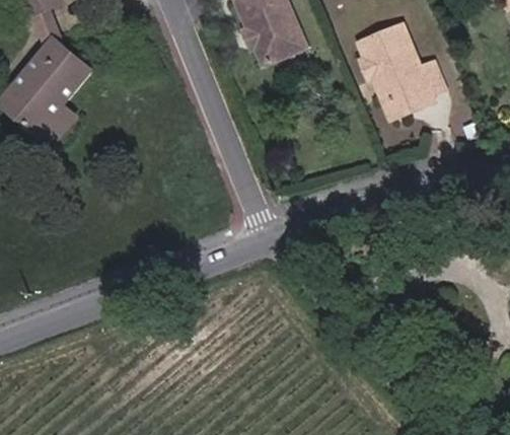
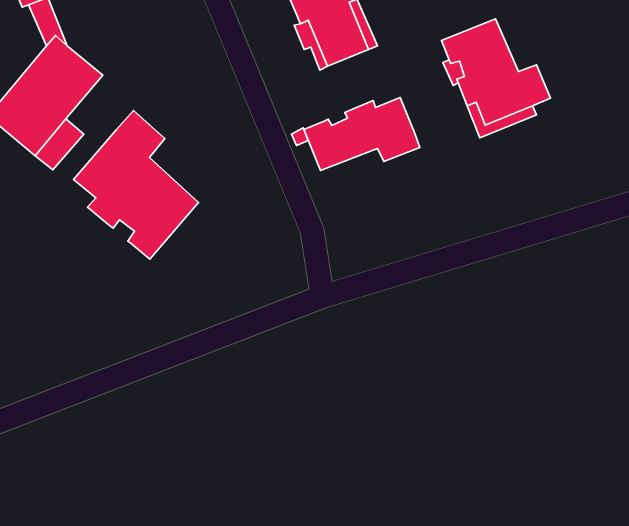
building: none -> [304,97,420,170]
building: none -> [74,111,199,259]

